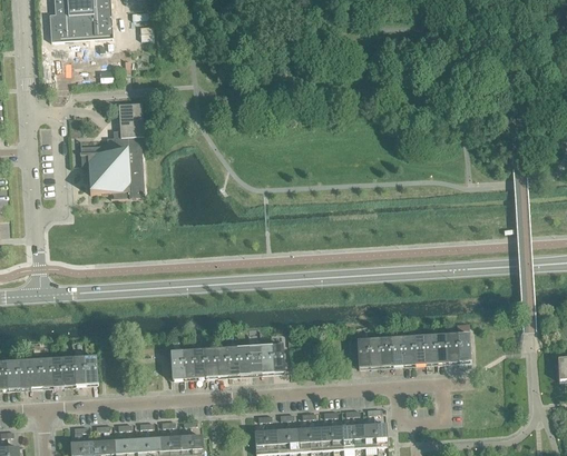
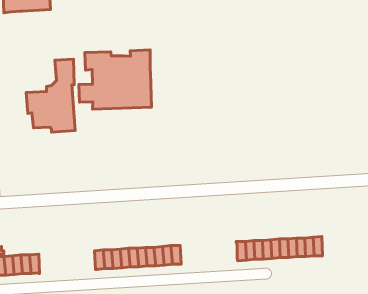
building: none -> [79,50,151,109]

